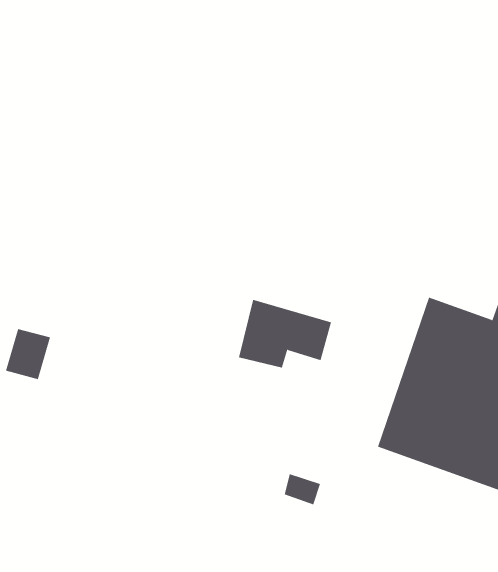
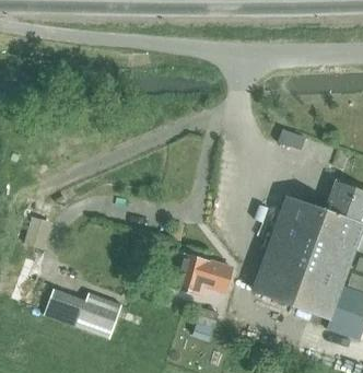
building: [238,299,332,368] -> [174,253,232,295]
building: none -> [44,289,121,339]

